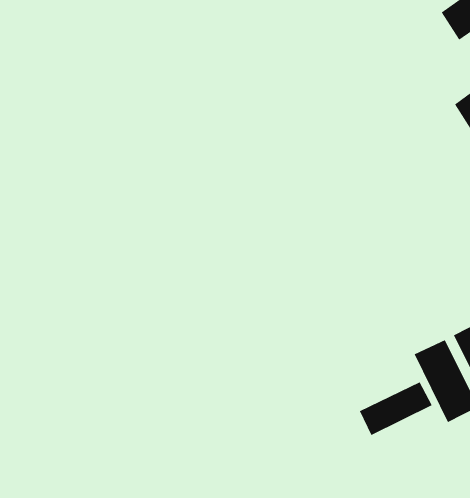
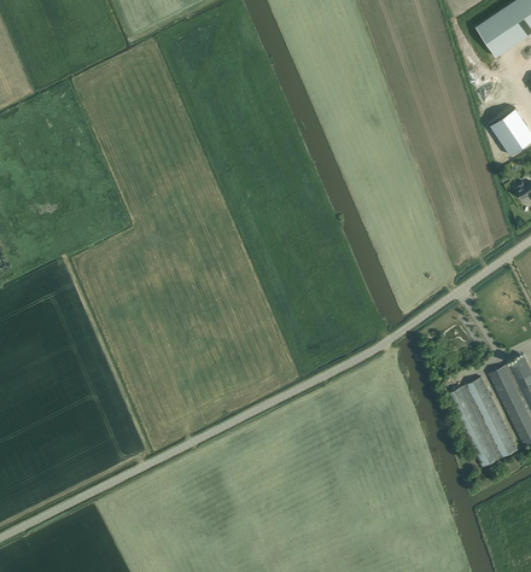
building: [359,381,432,436] -> none

